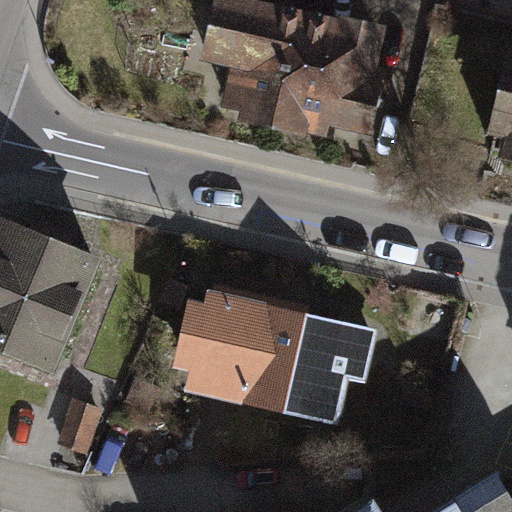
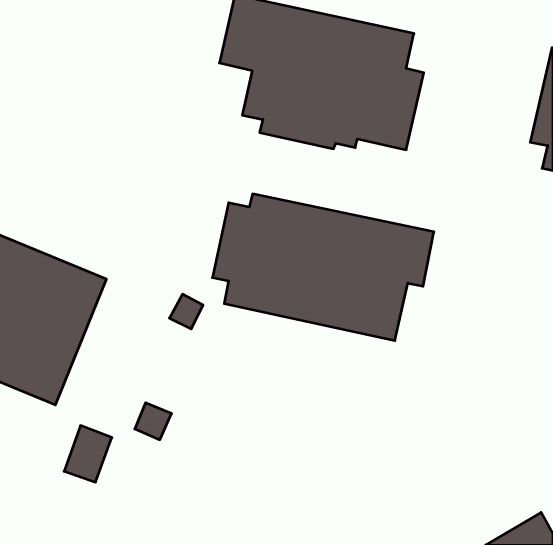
building: [171,290,375,425] -> [212,194,434,341]

